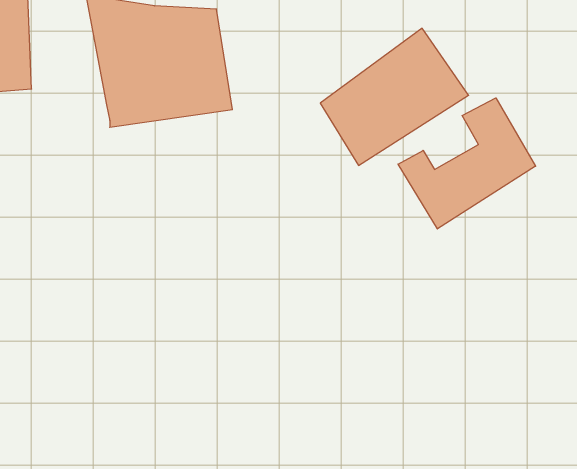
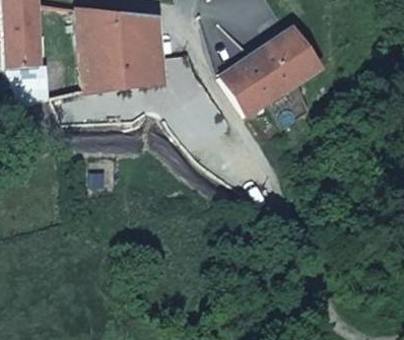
building: [398,98,536,229] -> none

